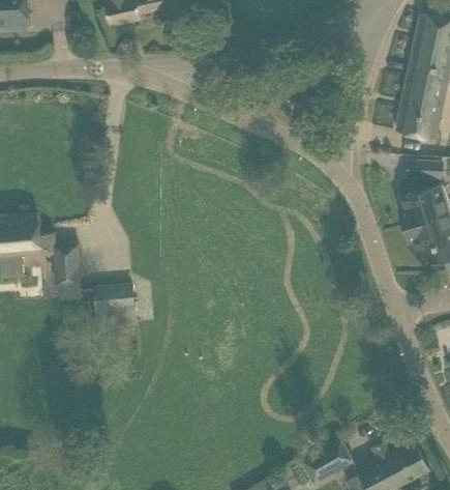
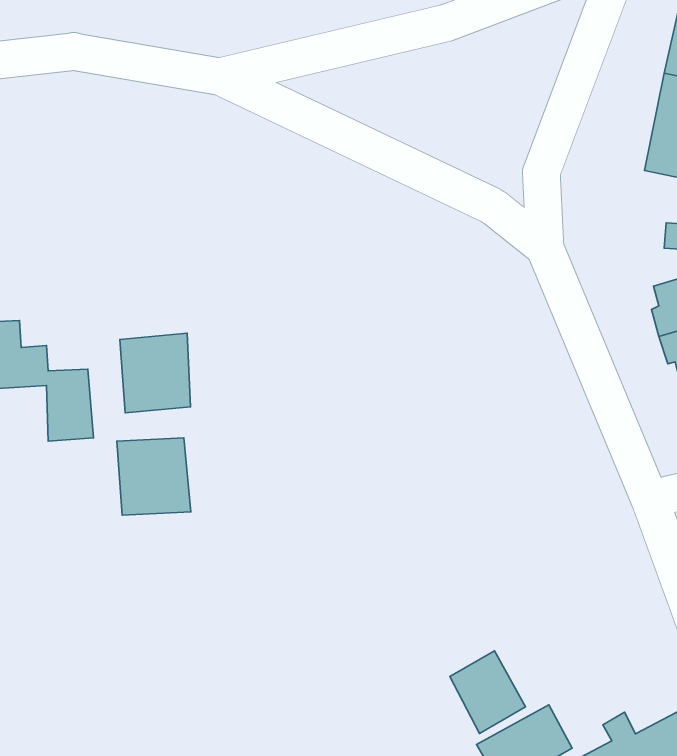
building: none -> [120,333,191,413]
building: none -> [450,651,525,734]

